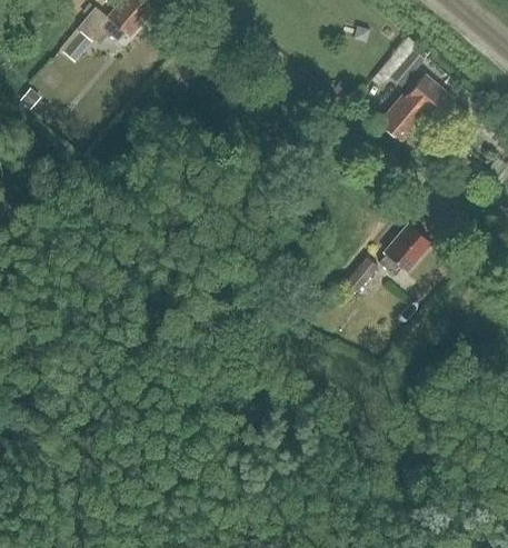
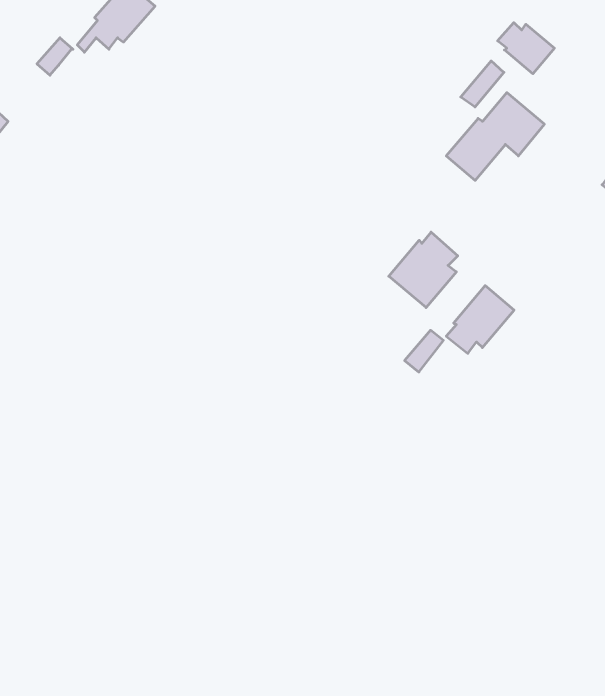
building: none -> [498,23,554,74]
building: none -> [389,232,458,308]

